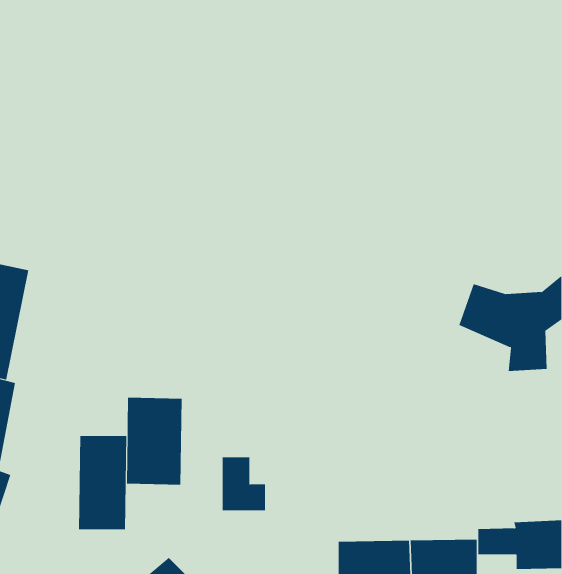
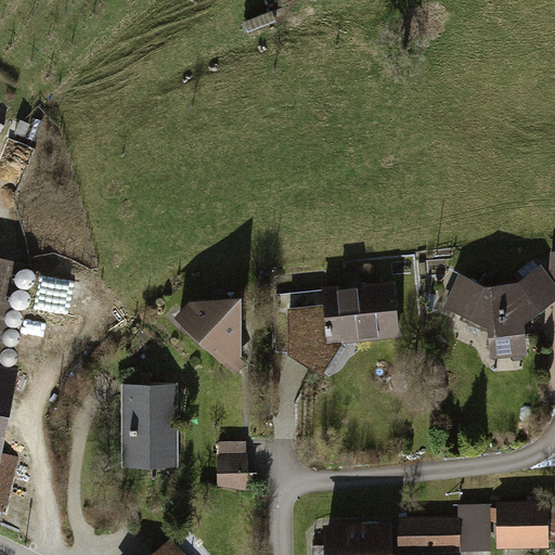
building: none -> [283,281,401,375]
building: none -> [175,292,248,375]
building: [79,435,127,530] -> none

